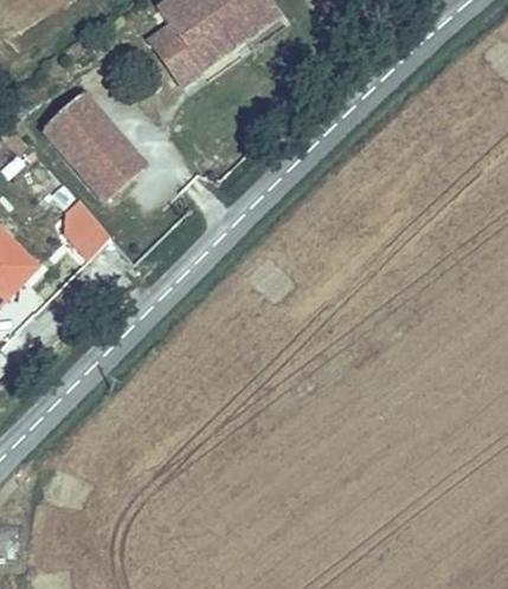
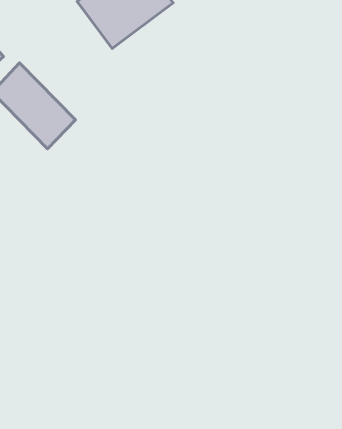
building: [62,207,110,258] -> none

